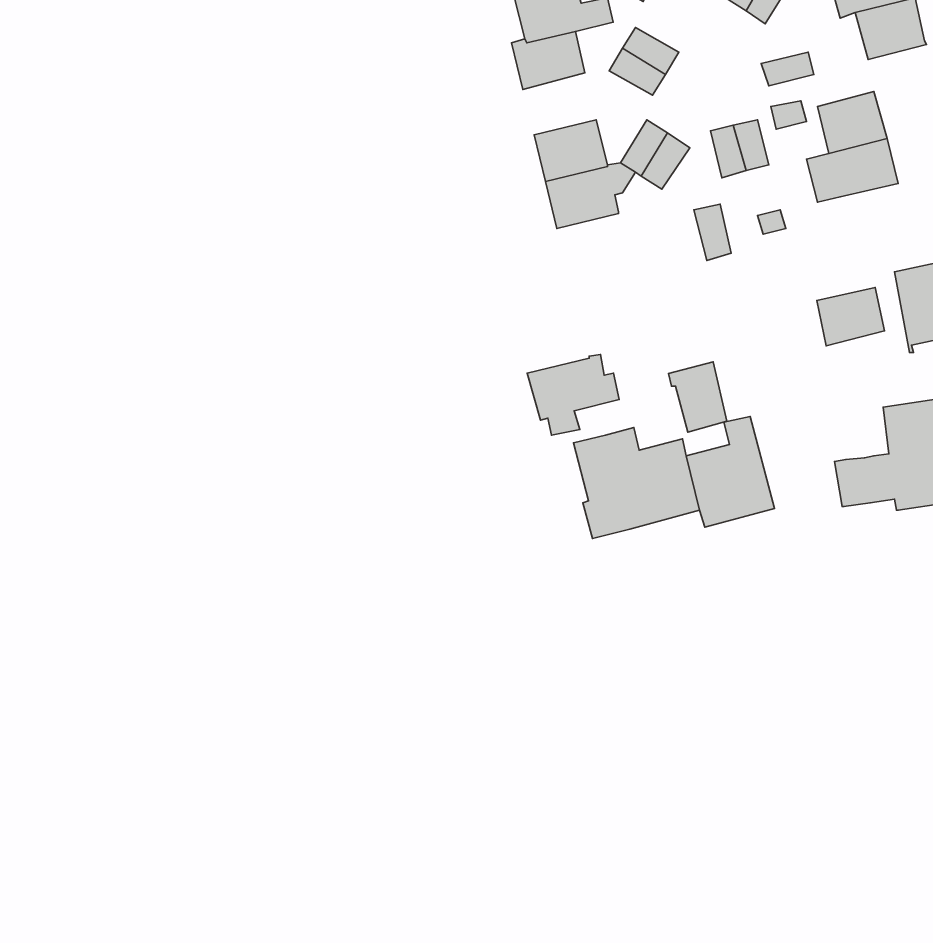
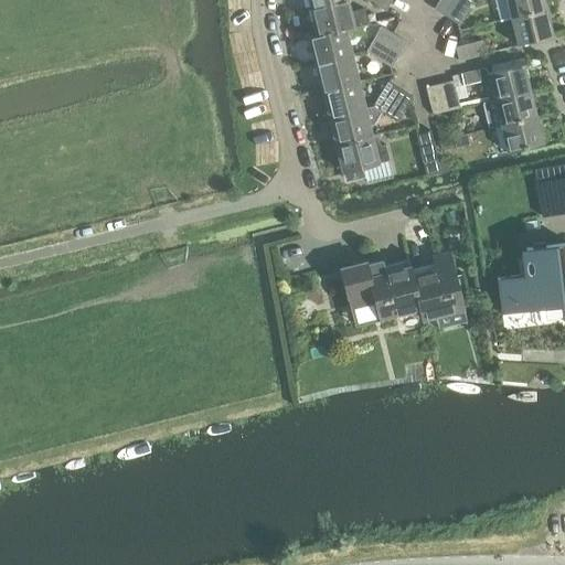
building: none -> [316,52,359,88]
building: [817,288,884,346] -> [502,117,542,151]
building: [527,354,619,435] -> [335,132,390,180]
building: [669,362,727,432] -> none

